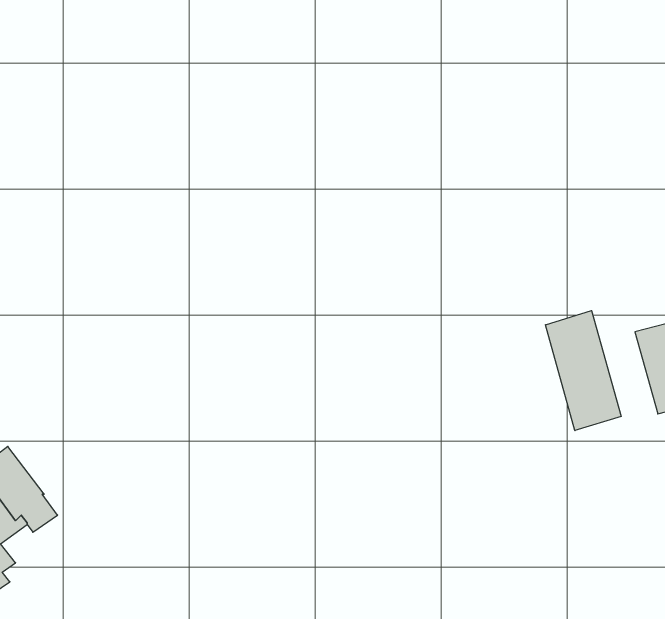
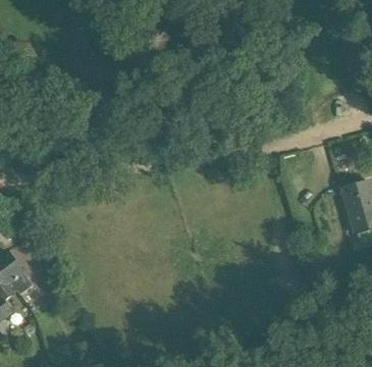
building: [545,311,621,431] -> none

